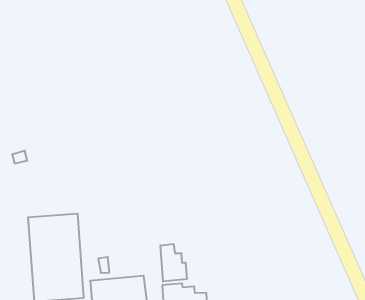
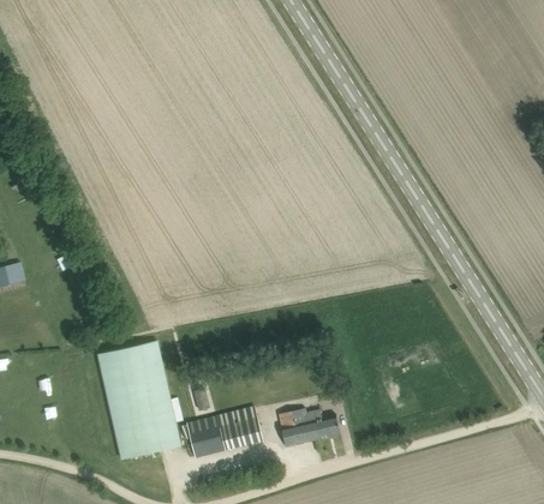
building: [160,244,187,282] -> none

